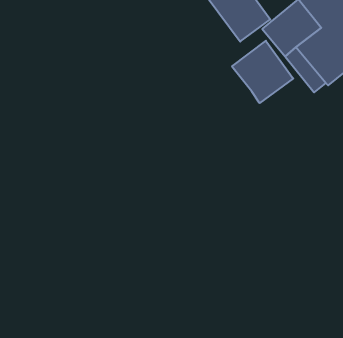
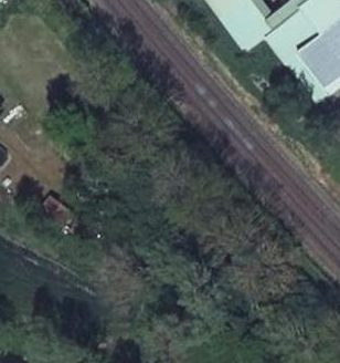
building: [232,41,293,103] -> none

